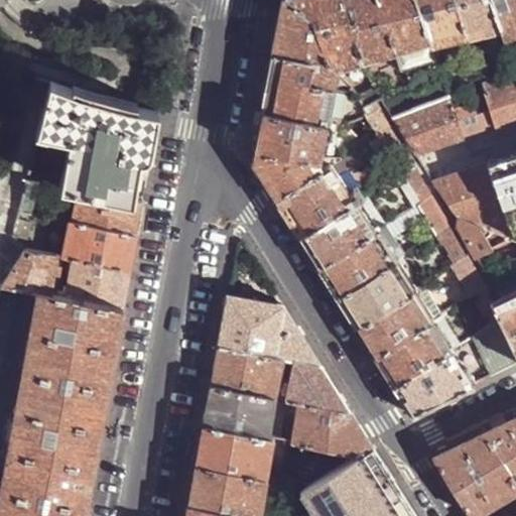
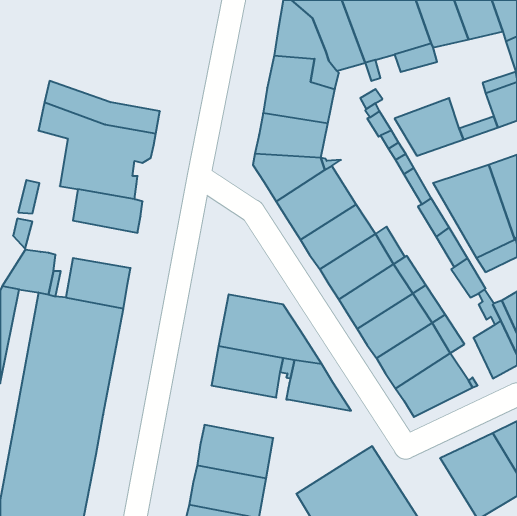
building: [62,220,137,268] -> none
building: [204,385,275,436] -> none
building: [287,399,371,454] -> none

